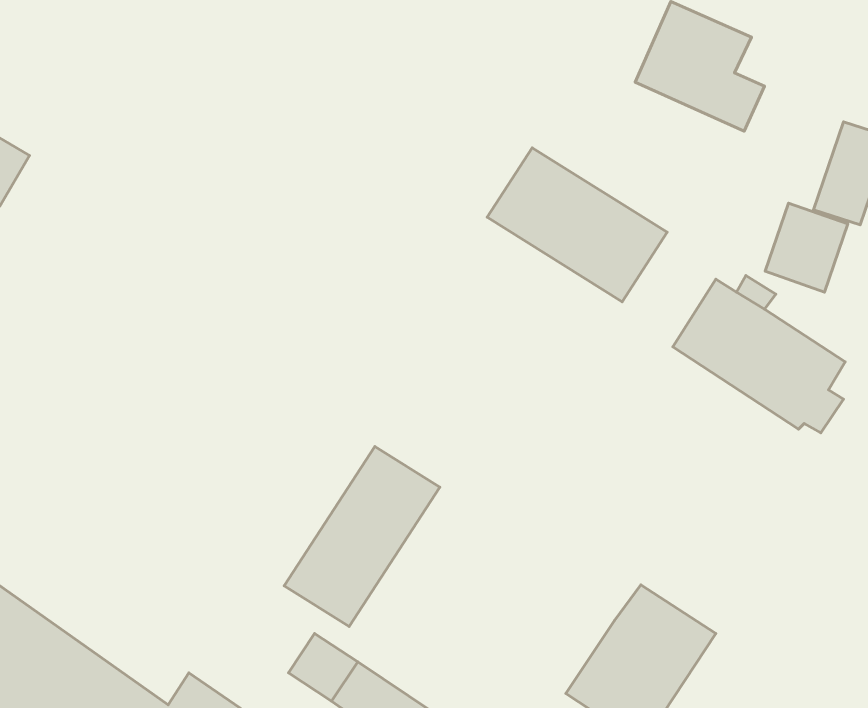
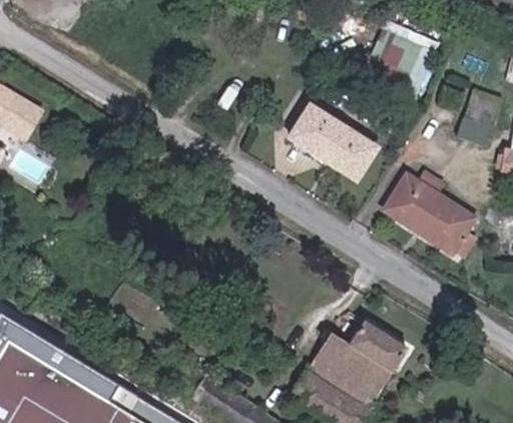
building: [765,203,848,292] -> none
building: [284,446,440,626] -> none
building: none -> [308,345,351,394]

